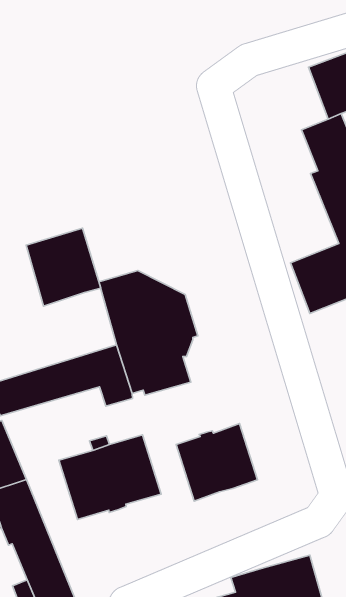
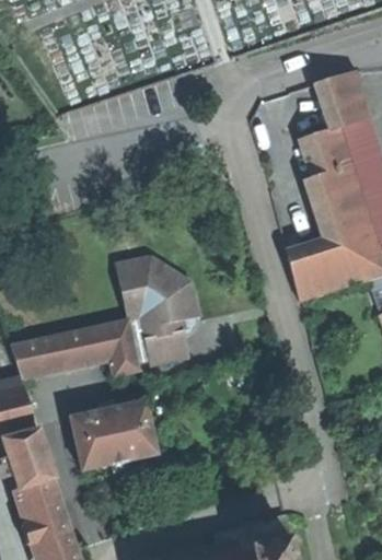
building: [26,228,101,306] -> none
building: [176,423,257,501] -> none

